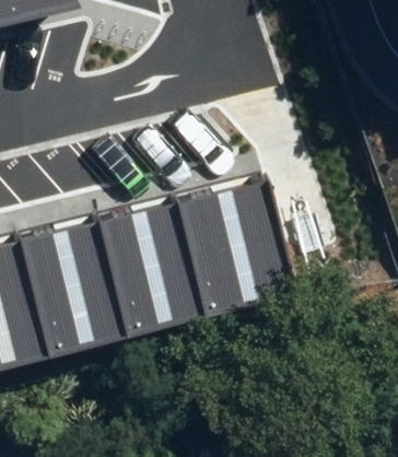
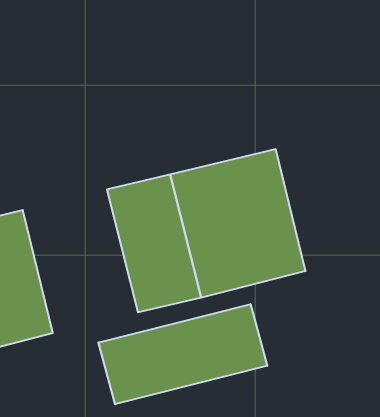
building: [34,214,143,351] -> none
building: none -> [98,304,267,404]

